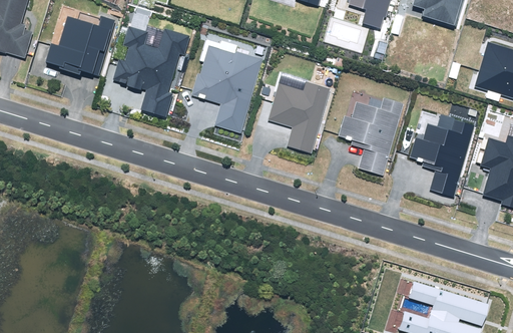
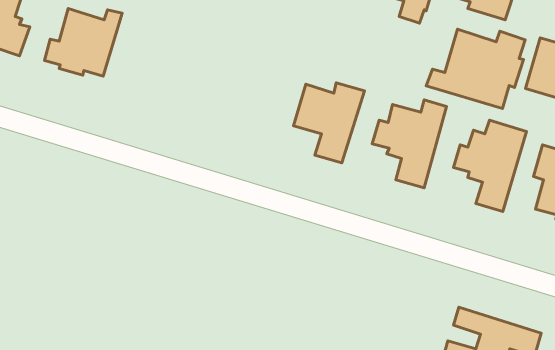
building: [113,25,190,116] -> none
building: none -> [426,29,525,108]
building: [191,45,263,131] -> none

